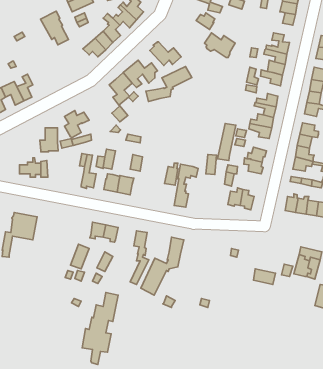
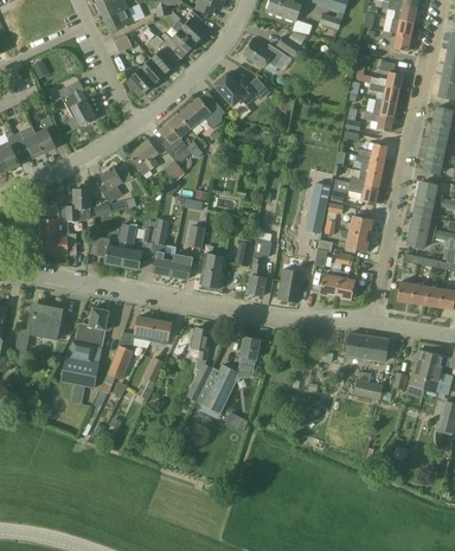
building: [40,11,69,45] -> [58,79,96,124]
building: [204,33,235,57] -> [243,39,284,72]
building: [146,67,192,101] -> none
building: none -> [128,139,159,174]
building: none -> [39,204,68,238]
building: none -> [91,228,126,265]
building: none -> [200,252,226,287]
building: none -> [277,268,305,302]
building: none -> [346,332,389,360]
building: [82,292,118,365] -> [60,307,109,404]

